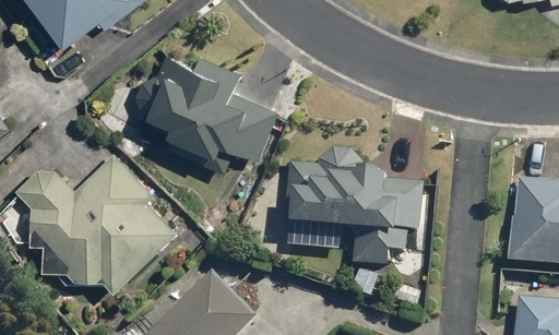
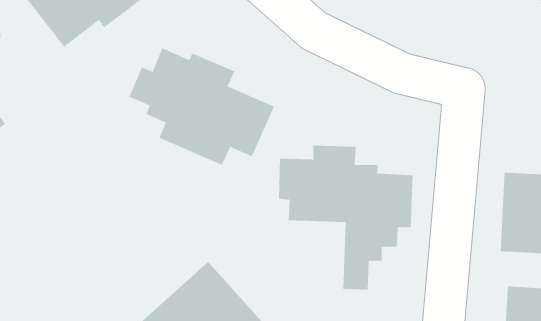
building: [13,147,178,292] -> none

